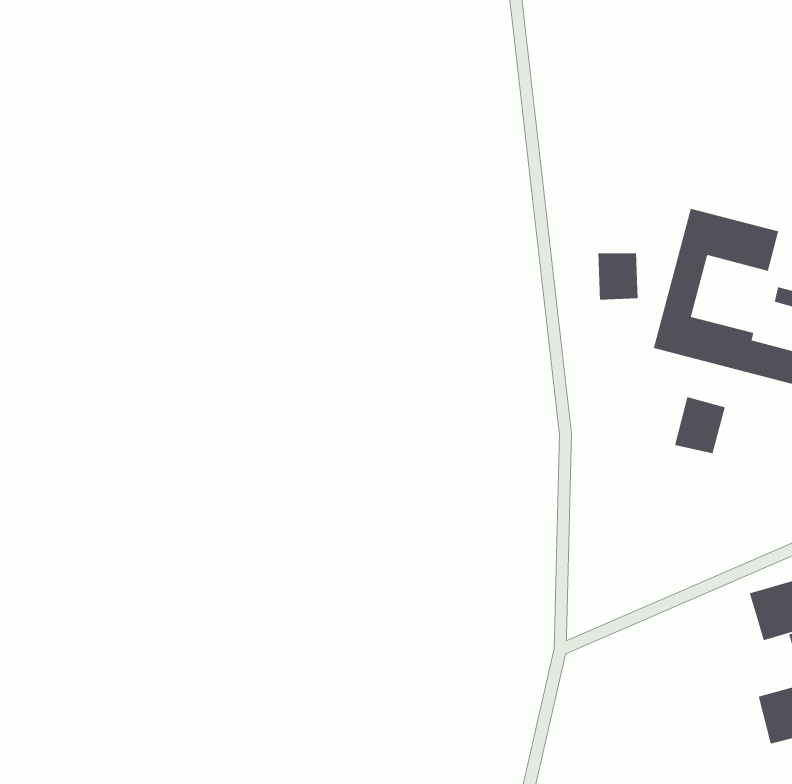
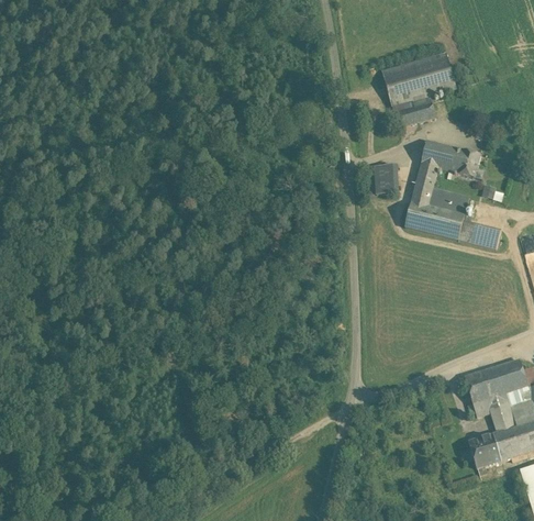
building: none -> [382,51,455,128]
building: [674,396,726,454] -> none

